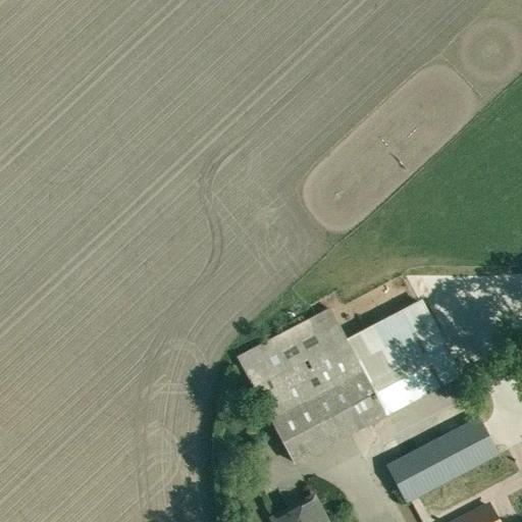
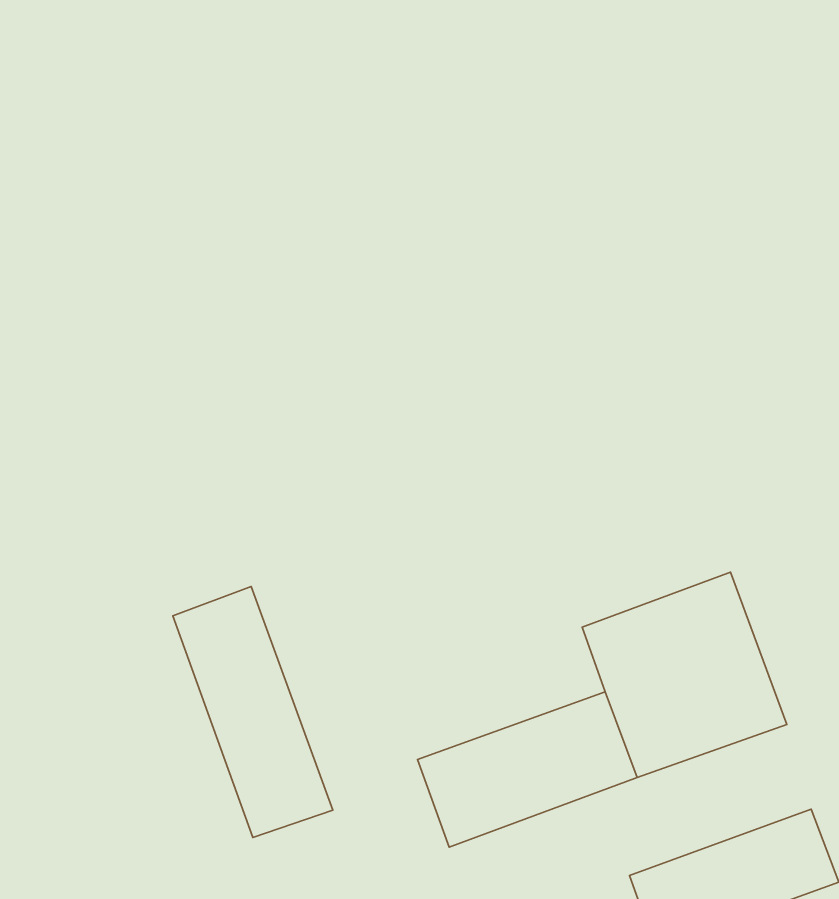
building: [238,309,363,420] -> none
building: none -> [173,587,333,838]

